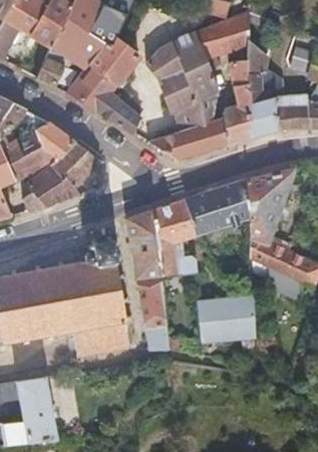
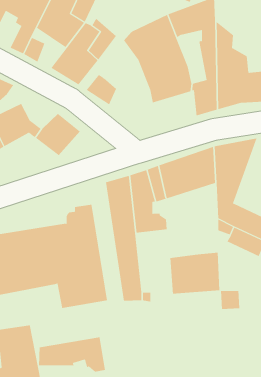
building: [149,117,228,160] -> none
building: [35,122,75,159] -> none
building: [22,168,81,213] -> none
building: none -> [39,337,105,372]

